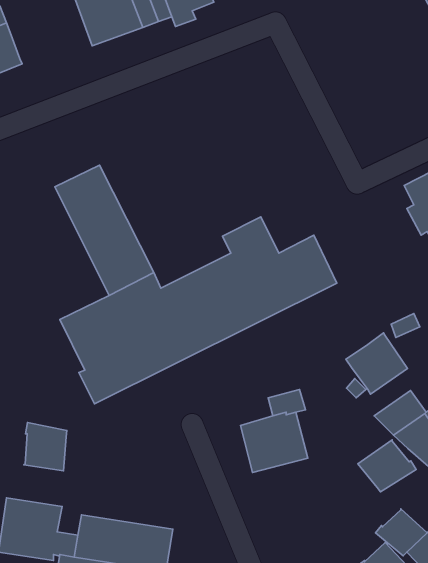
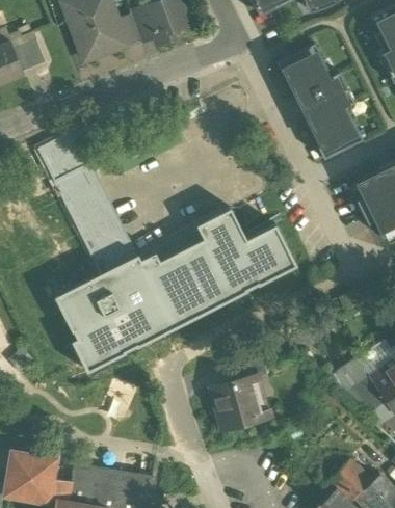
building: none -> [14,41,45,73]
building: none -> [276,44,362,158]
building: none -> [35,130,90,183]
building: [346,333,408,394] -> none
building: [24,422,67,471] -> none
building: [358,440,416,492] -> none

